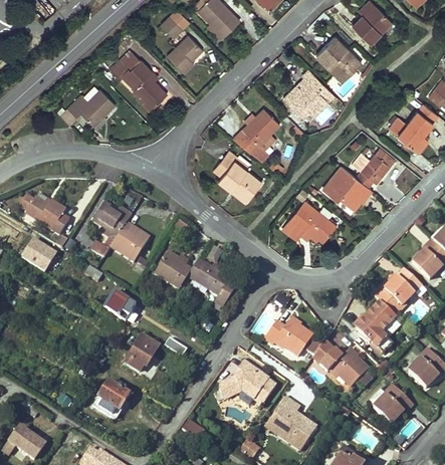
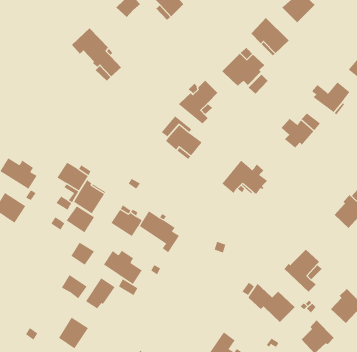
building: [167,33,203,72] -> none
building: [60,84,115,124] -> none
building: [321,165,372,209] -> none
building: none -> [66,205,95,233]
building: [375,269,422,316] -> none
building: none -> [103,250,143,285]
building: [265,321,313,357] -> none
building: none -> [61,274,88,299]
building: [218,360,275,405] -> none

